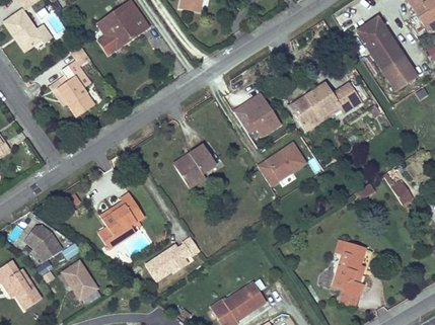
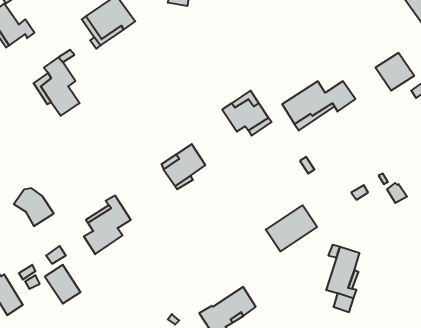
building: [355,16,404,70] -> none
building: [257,142,306,186] -> [266,205,317,251]
building: [23,225,62,261] -> [14,188,54,226]
building: [145,235,198,279] -> none

